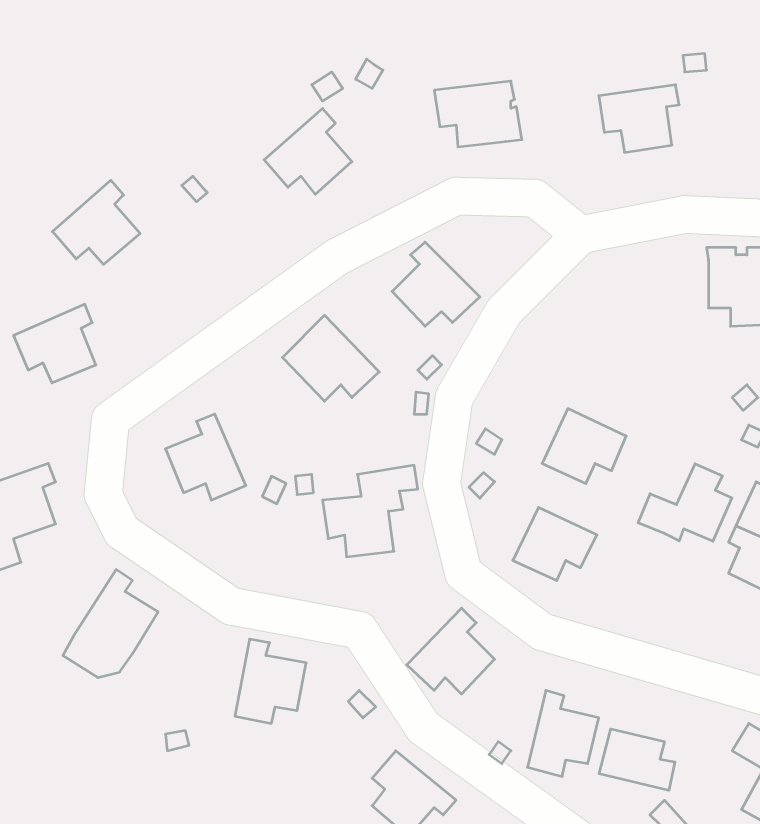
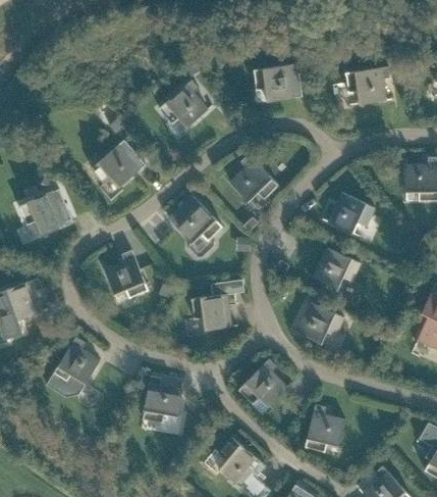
building: [52,180,140,264] -> [92,141,141,188]
building: none -> [328,193,375,235]
building: [638,464,732,541] -> none
building: [599,729,675,790] -> none

